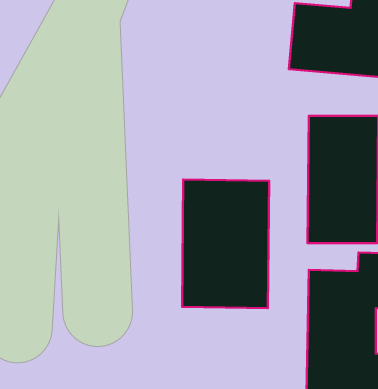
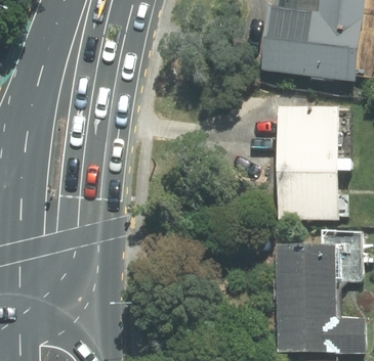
building: [182,179,269,308] -> none

